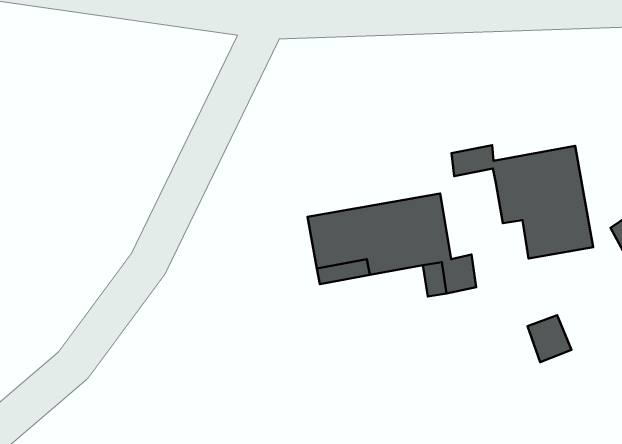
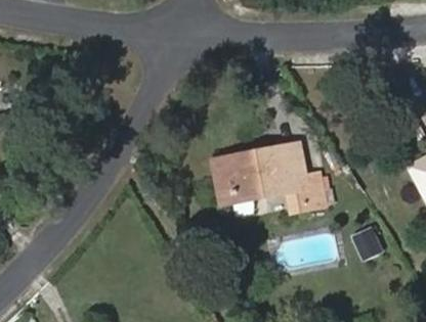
building: [451,145,593,258] -> none

